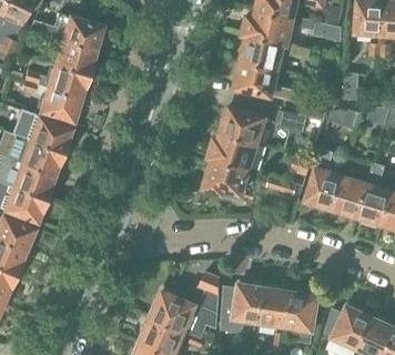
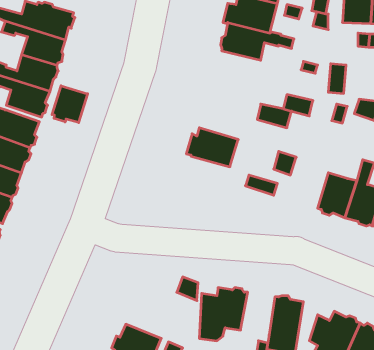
building: [235,61,301,102] -> none
building: none -> [52,86,88,123]
building: [221,106,265,144] -> none
building: [305,149,342,210] -> none
building: [204,160,250,194] -> none
building: [260,286,292,327] -> none
building: [150,287,202,331] -> none

